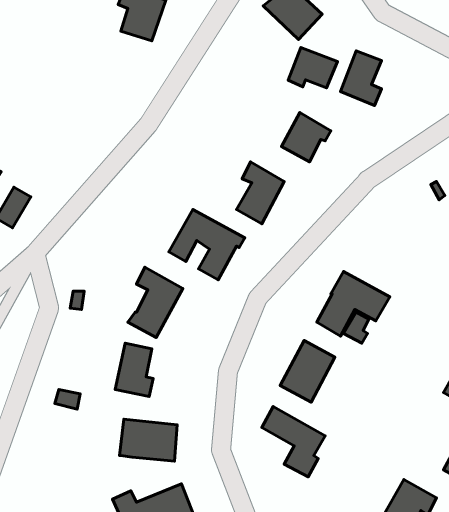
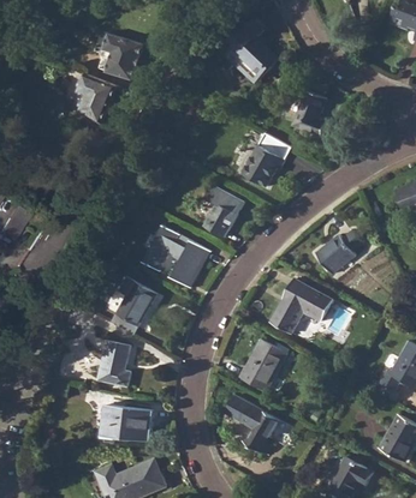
building: none -> [75,73,115,122]
building: [288,48,338,88] -> none
building: none -> [314,229,362,274]

